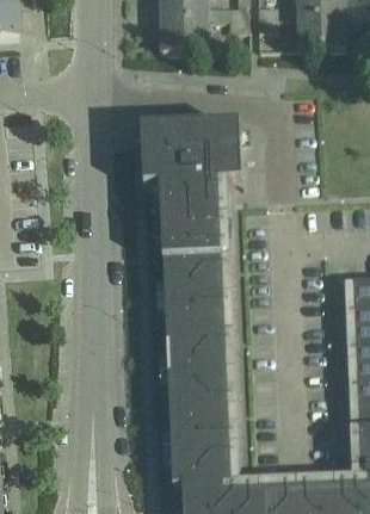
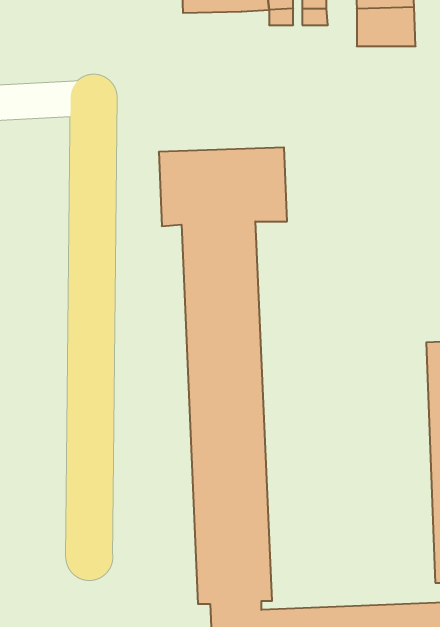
building: [162,17,209,48] -> none

